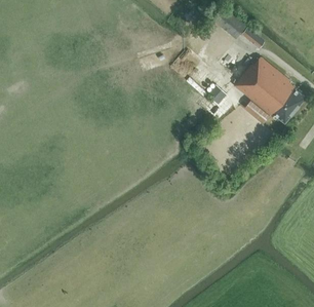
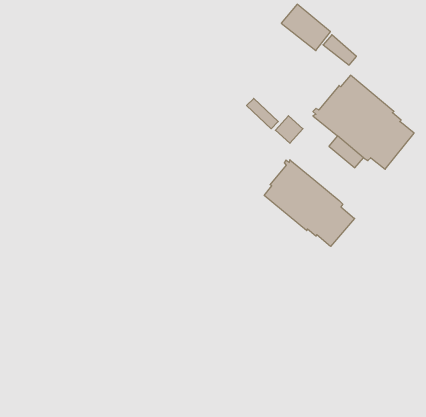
building: none -> [264,160,355,246]

